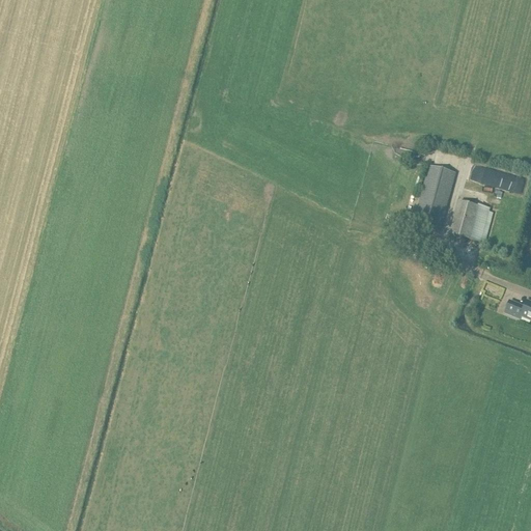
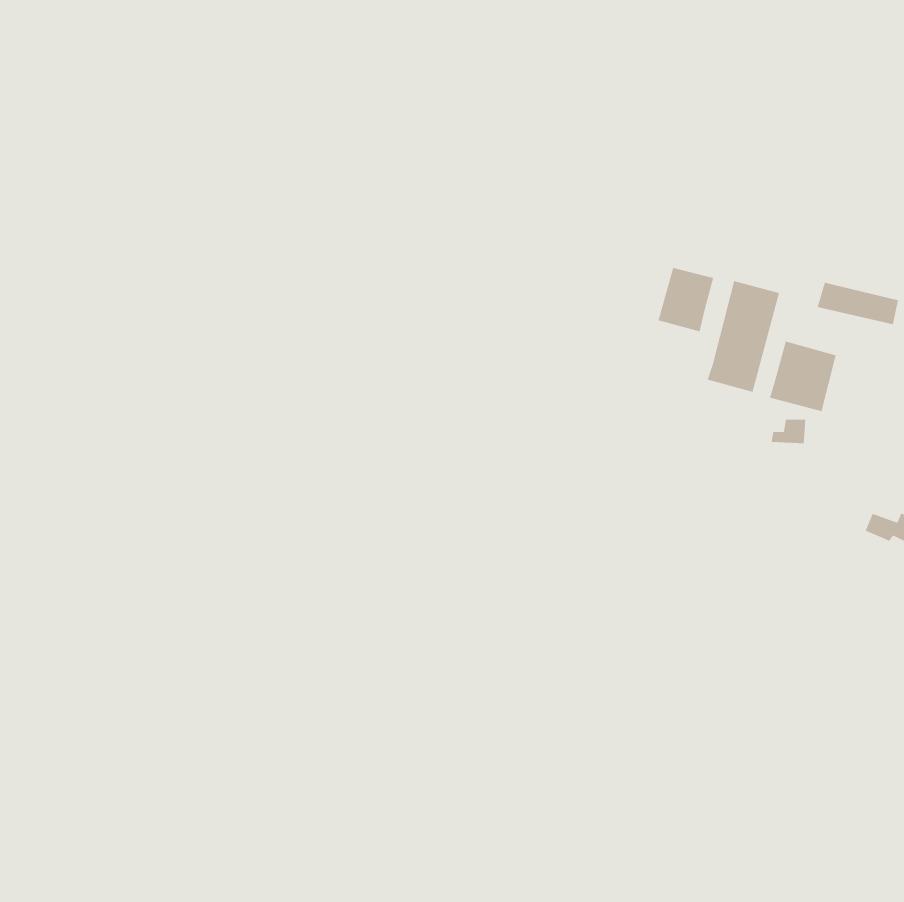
building: none -> [658,267,714,332]

